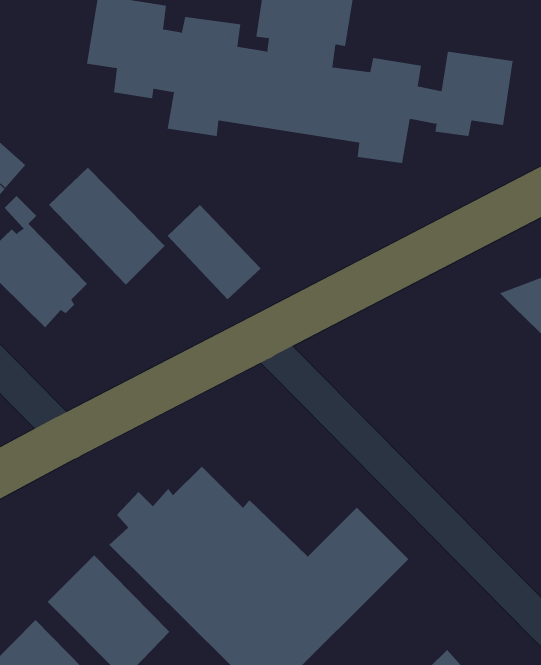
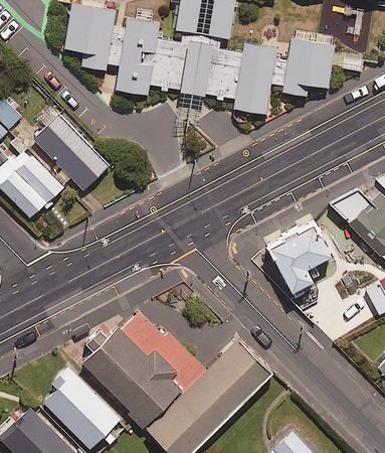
building: [167,204,262,300] -> none
building: none -> [261,212,329,287]

